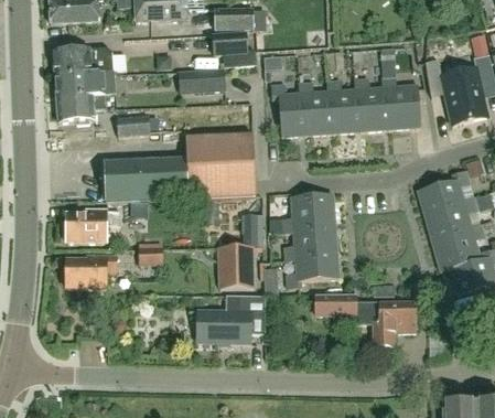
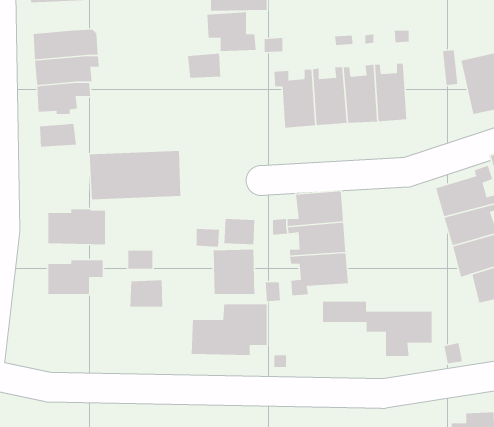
building: [389,76,421,129] -> none
building: [116,115,150,137] -> [39,123,77,148]
building: [186,133,256,200] -> none
building: none -> [130,280,163,307]

